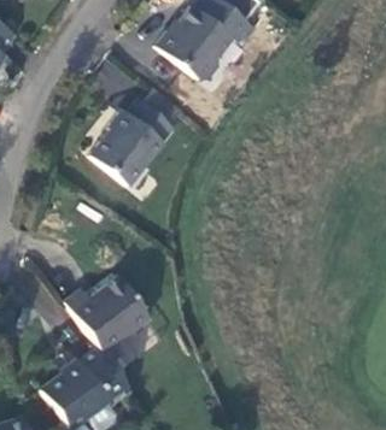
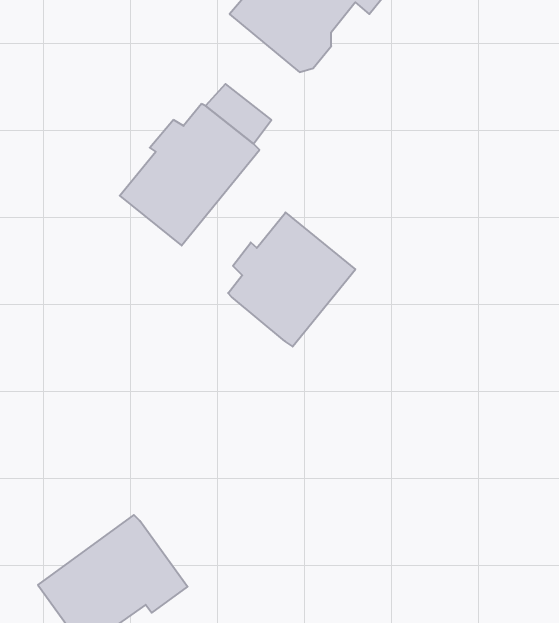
building: none -> [228,212,355,347]
building: [66,277,150,352] -> none

